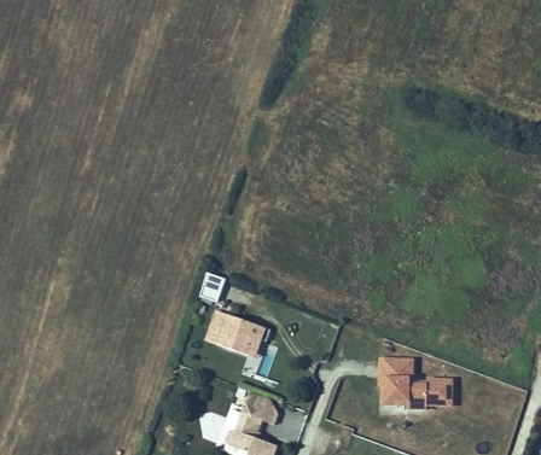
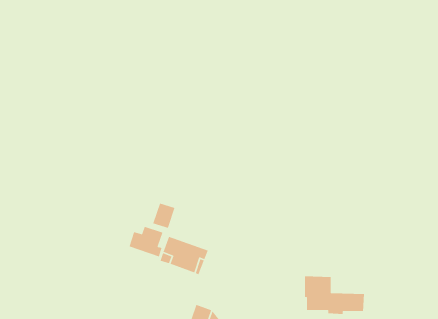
building: none -> [129,226,164,257]

